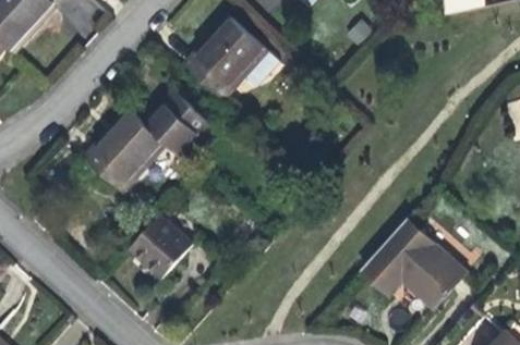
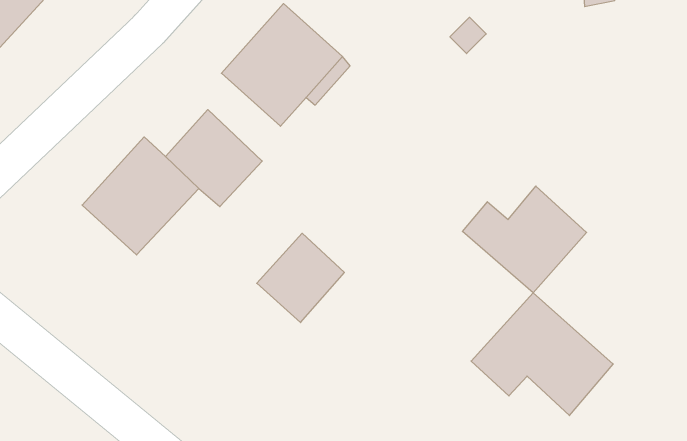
building: none -> [462,186,587,293]
building: [128,213,191,278] -> [257,233,344,323]

